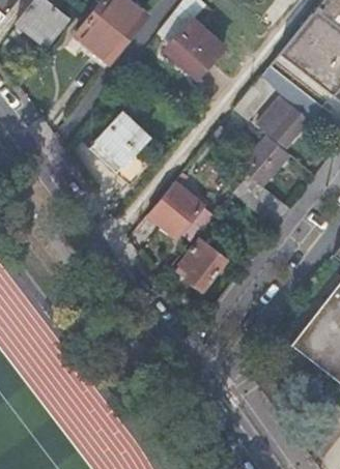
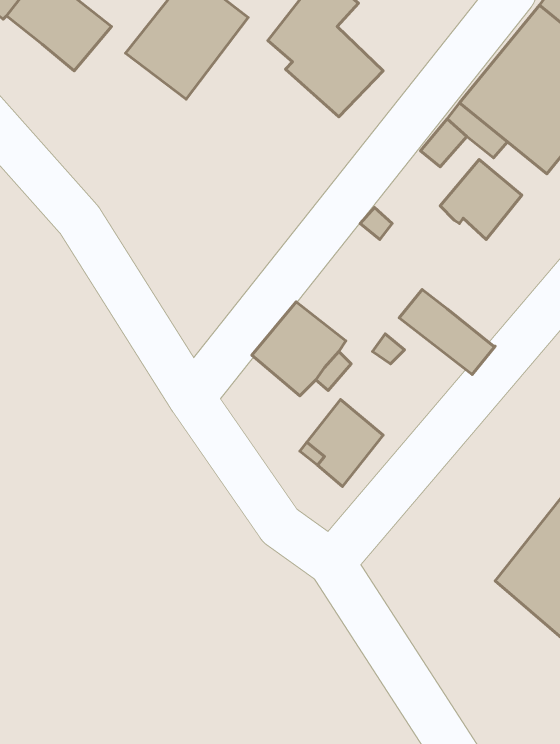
building: [97,112,148,184] -> none
building: [240,133,291,184] -> none

